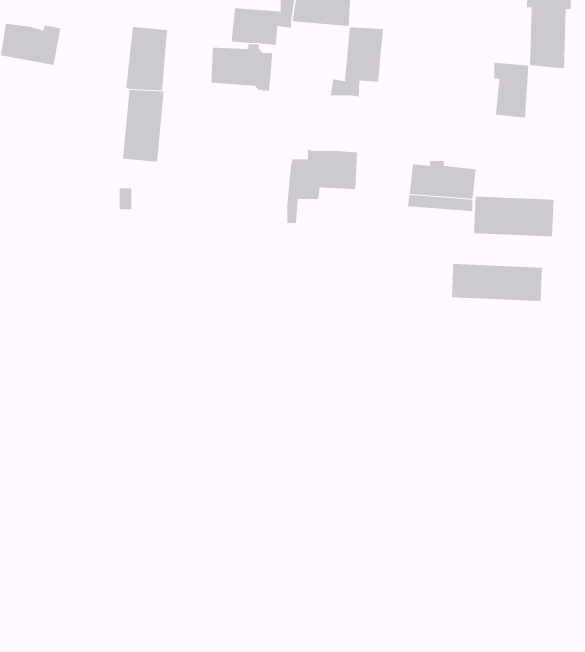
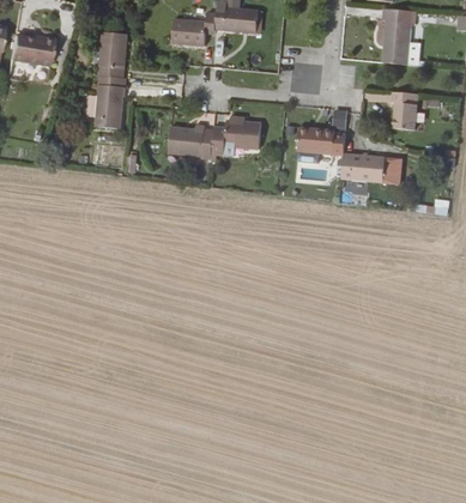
building: [330,26,383,97] -> none
building: [210,44,273,91] -> [170,125,214,158]
building: [494,62,529,118] -> [392,89,417,128]
building: [452,263,542,302] -> none

